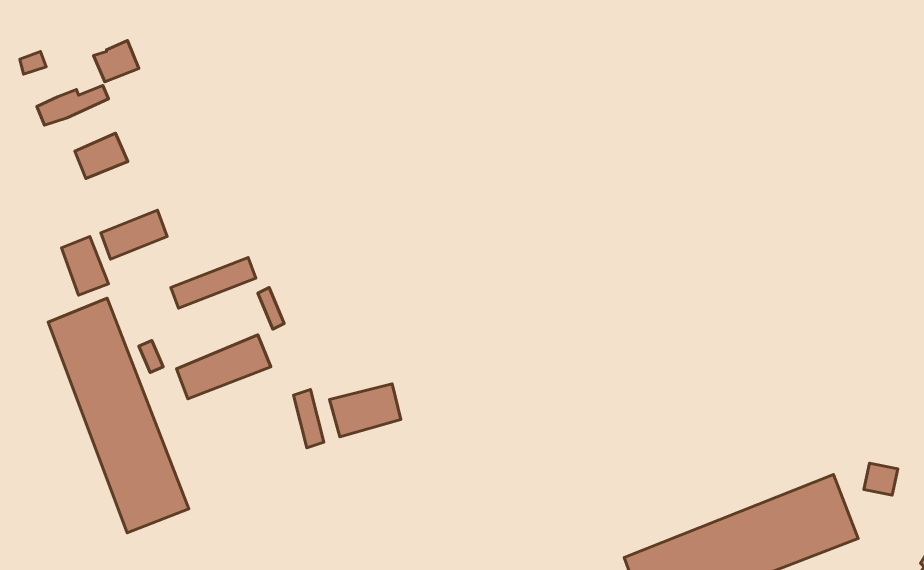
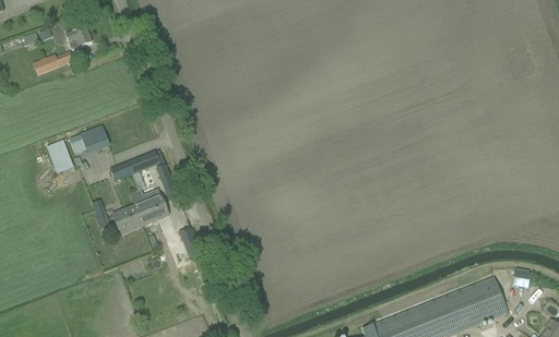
building: [75,133,128,178] -> none
building: [48,298,189,533] -> none
building: [330,384,401,437] -> none

